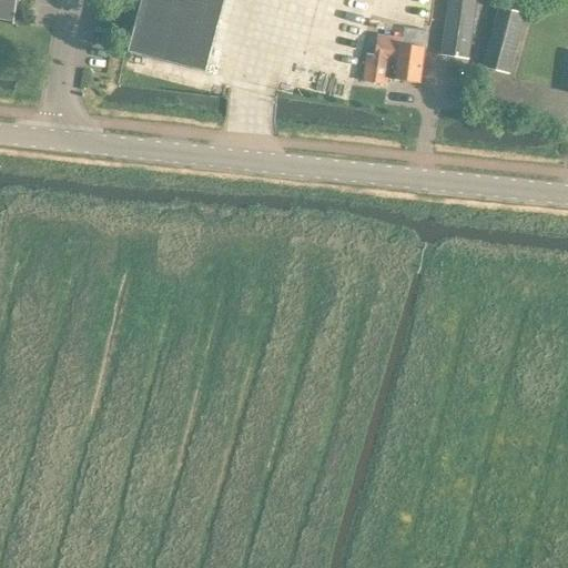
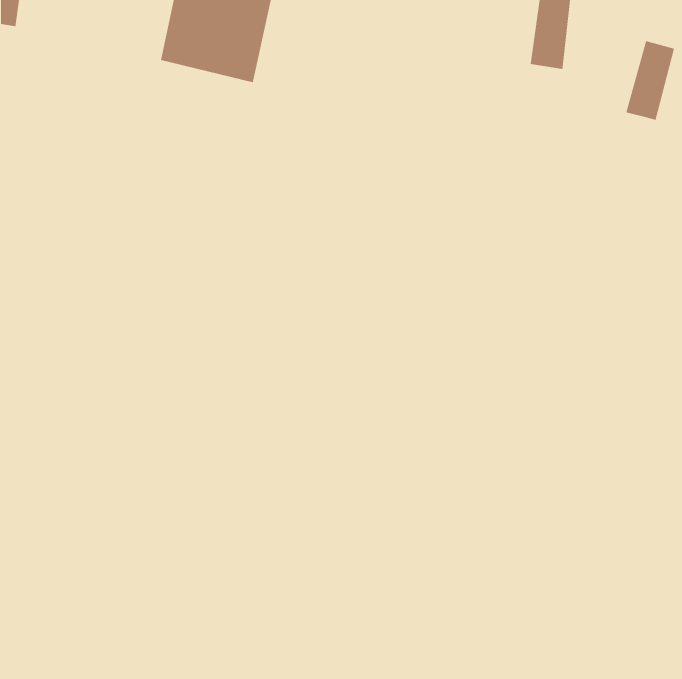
building: [483,6,524,72] -> [626,41,675,121]
building: [364,33,424,82] -> none

